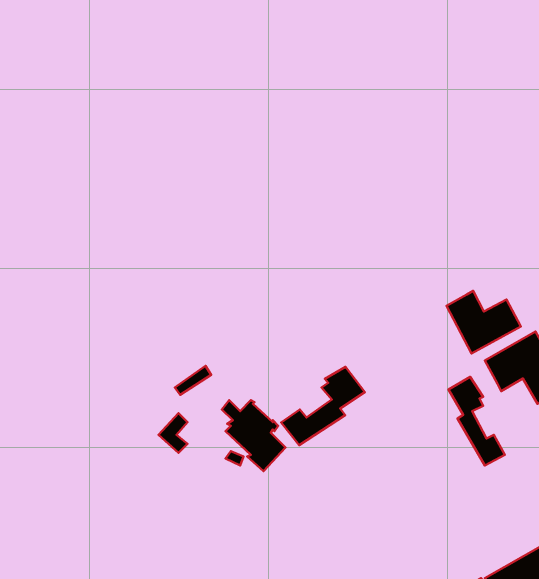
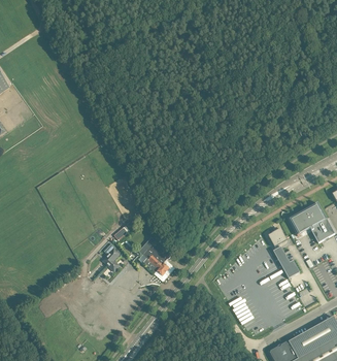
building: [446,291,521,354] -> none
building: [281,367,365,445] -> none

